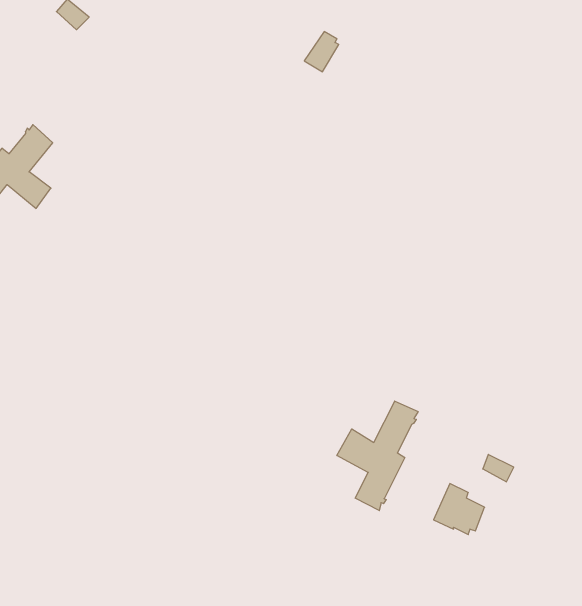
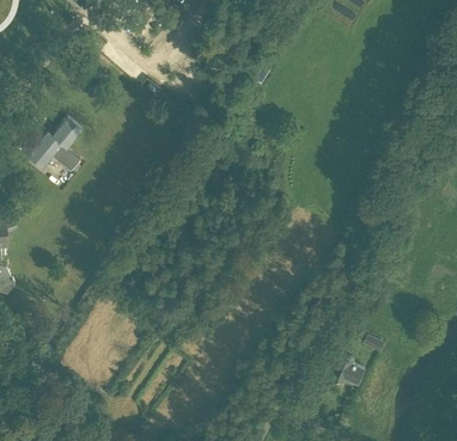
building: [337,401,418,511] -> none

